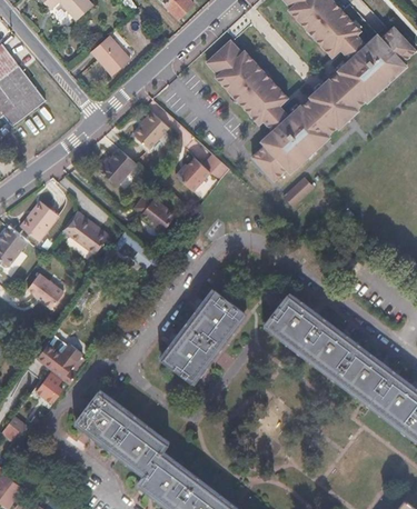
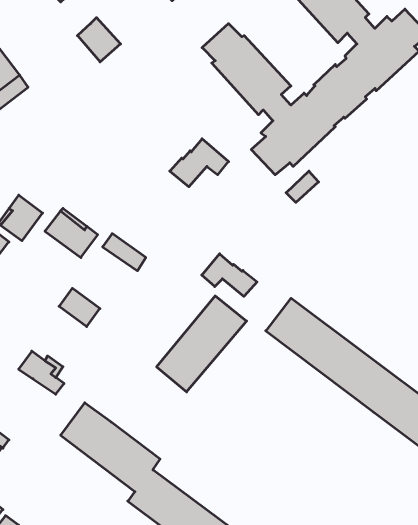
building: [133,111,169,149] -> none
building: [97,149,137,186] -> none
building: [135,192,176,232] -> none
building: none -> [202,254,257,296]
building: [26,273,63,309] -> [59,288,100,327]
building: [34,372,61,403] -> none

